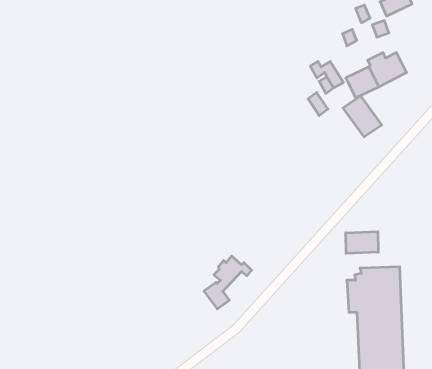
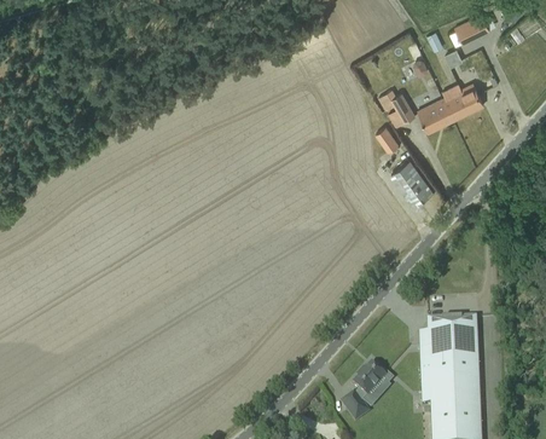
building: [343,96,382,137] -> [390,162,432,207]
building: [346,232,378,253] -> none
building: [204,256,252,309] -> [341,364,393,422]

